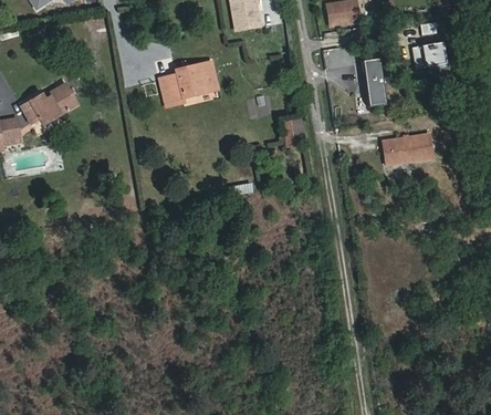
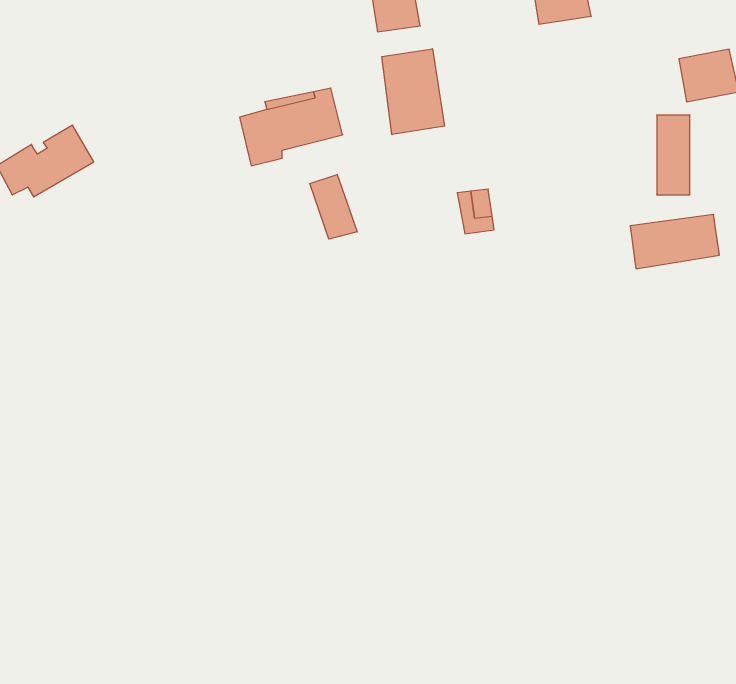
building: none -> [382,49,445,135]
building: [359,59,378,104] -> [657,115,690,195]
building: none -> [310,174,357,239]

